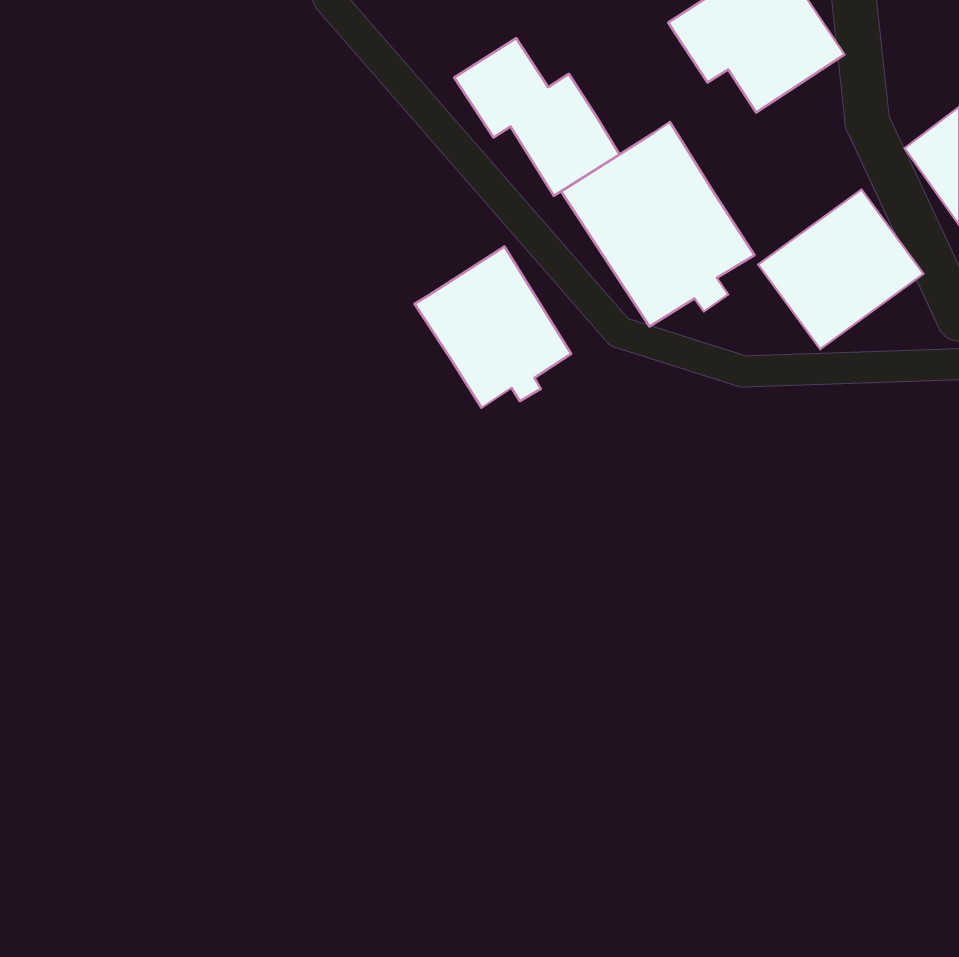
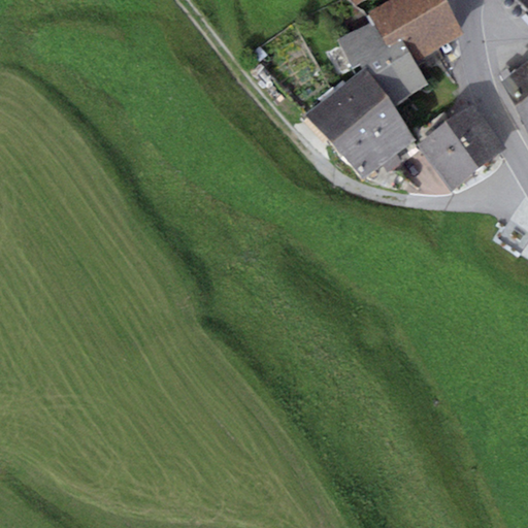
building: [454,38,619,196] -> [337,19,428,105]
building: [415,247,571,408] -> none

